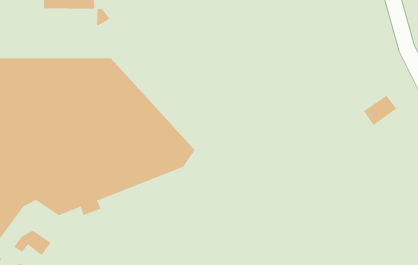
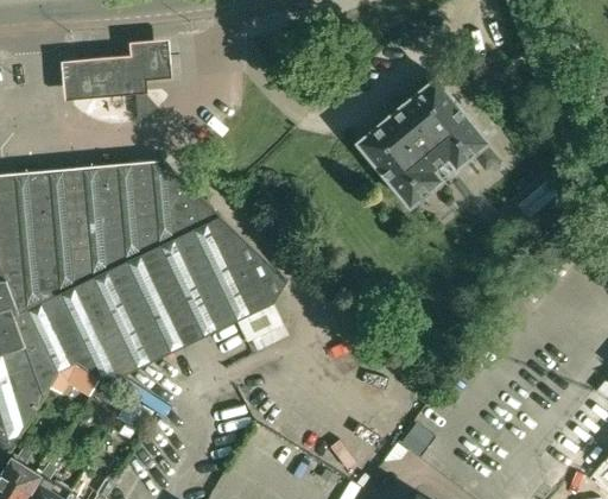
building: none -> [356,78,495,204]
building: [13,230,52,256] -> [45,365,97,399]

